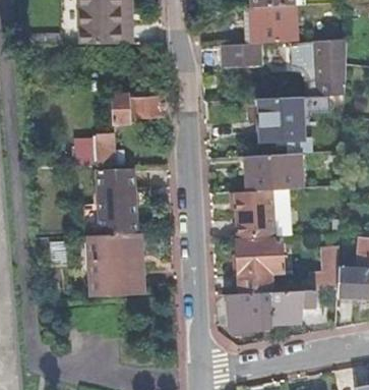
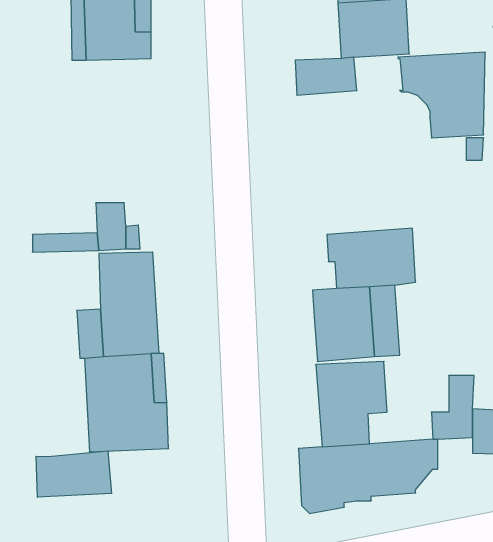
building: [111,96,165,125] -> none
building: [259,96,303,140] -> none
building: none -> [36,451,111,497]

